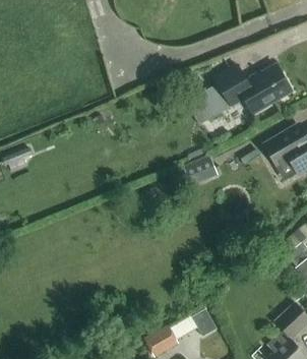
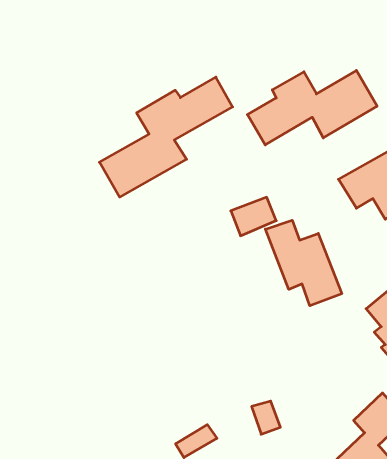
building: none -> [99,77,233,197]
building: none -> [265,220,342,306]

